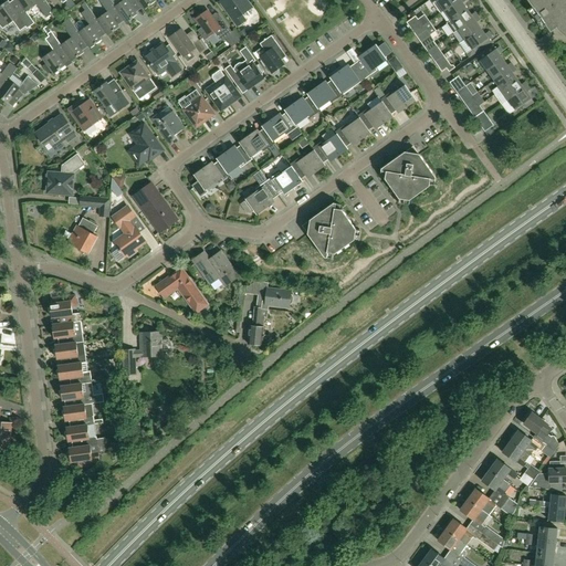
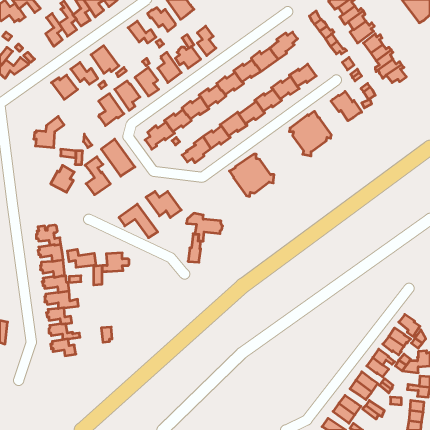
building: [41,25,64,73] -> none
building: [144,42,180,75] -> none
building: [34,114,76,146] -> none
building: none -> [331,91,362,121]
building: none -> [67,249,96,267]

